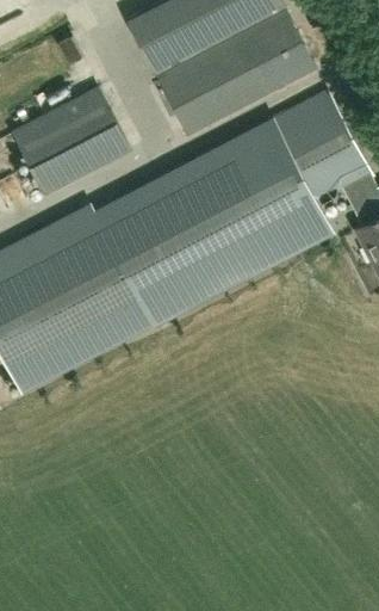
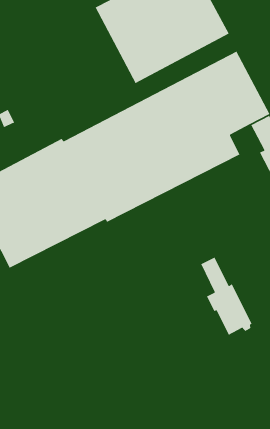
building: [12,88,130,195] -> none
building: none -> [200,257,252,336]

